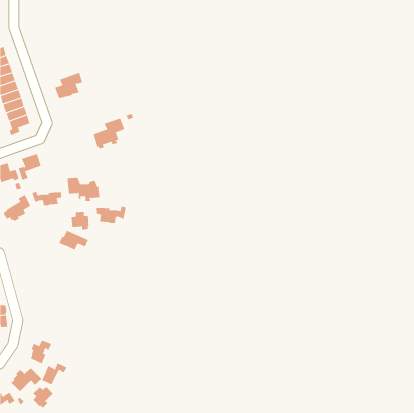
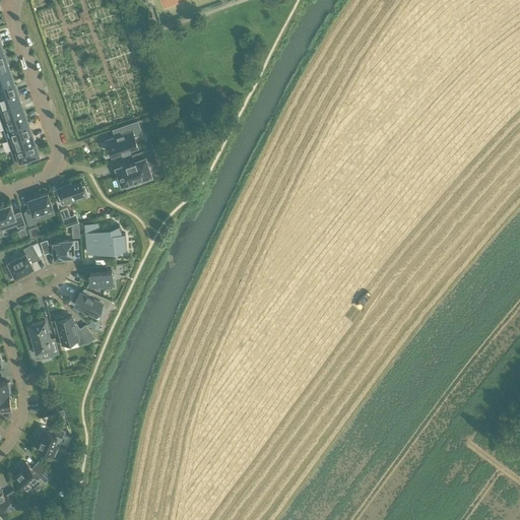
building: [54,72,83,99] -> [106,123,141,156]
building: none -> [57,183,84,207]
building: [96,205,127,224] -> none
building: none -> [55,318,94,347]
building: none -> [28,323,58,356]
building: [41,362,67,385] -> none
building: [32,386,53,408] -> none

